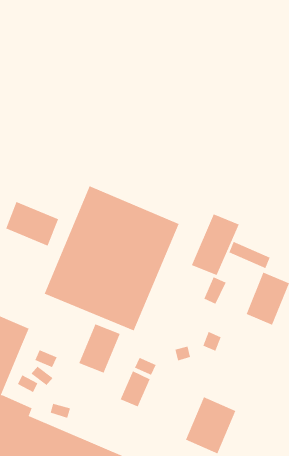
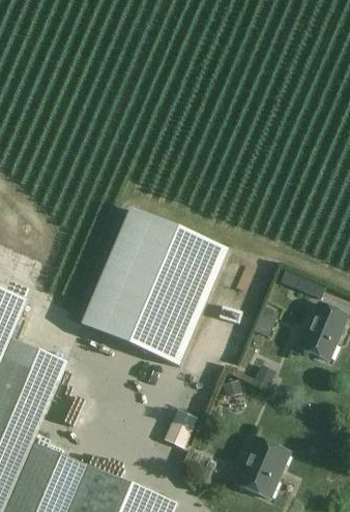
building: [5,201,59,246] -> none
building: [191,214,239,276] -> none
building: [79,324,120,373] -> none

